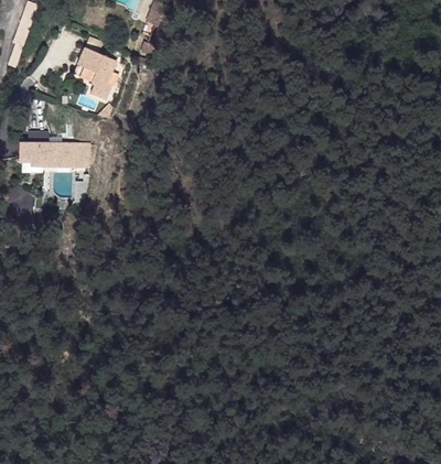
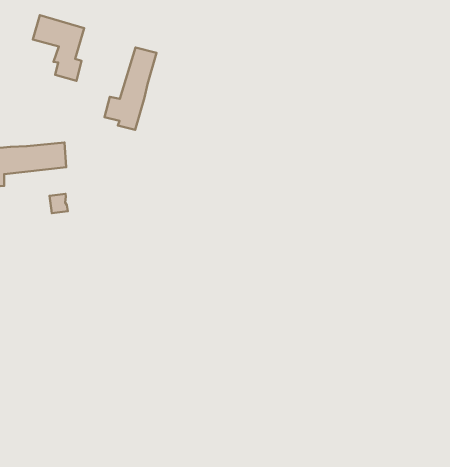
building: none -> [104,47,157,130]

